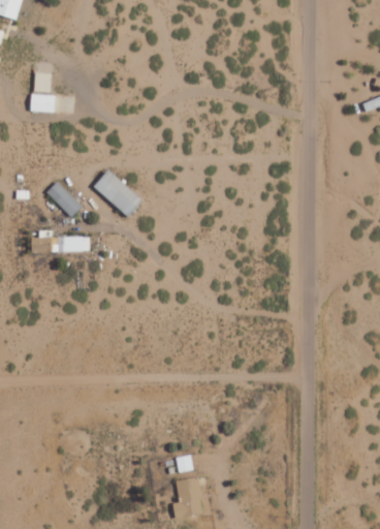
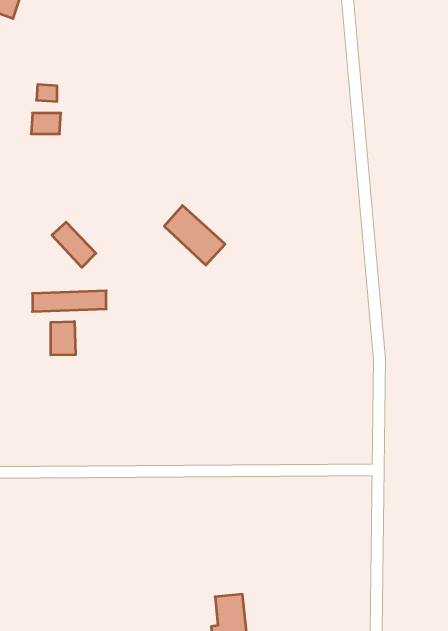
building: [94,168,142,216] -> [164,205,225,265]
building: none -> [51,321,76,355]

